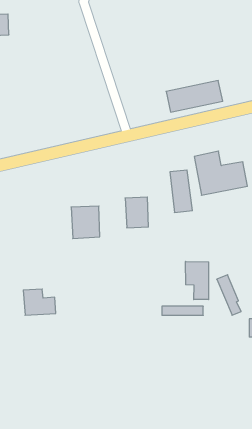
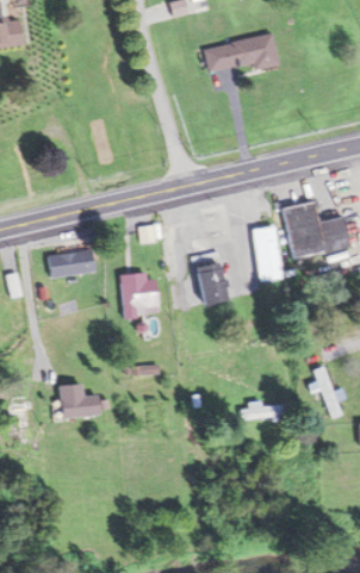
building: [166,81,223,112] -> [210,33,285,75]
building: none -> [44,250,92,279]
building: [186,261,209,300] -> none

